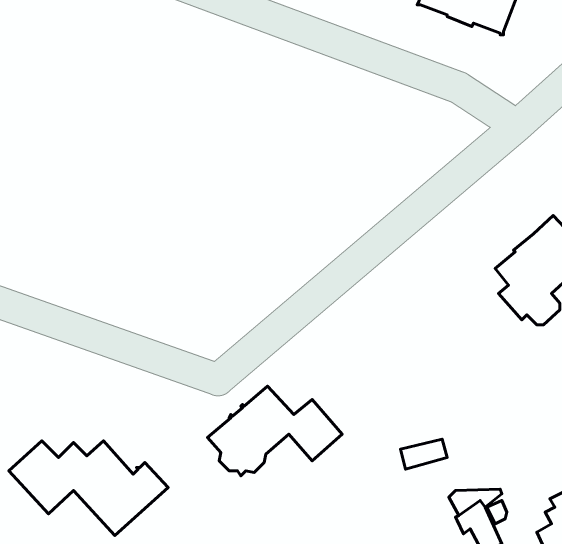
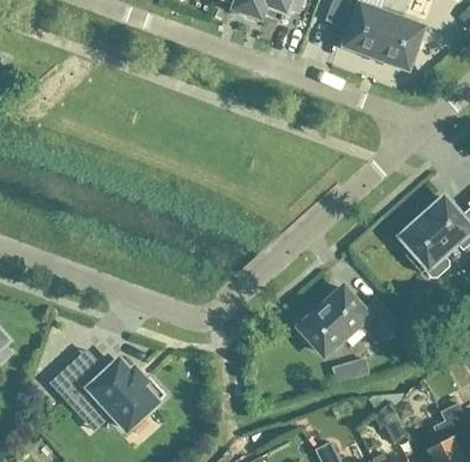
building: [208,386,342,476] -> [300,289,397,354]

